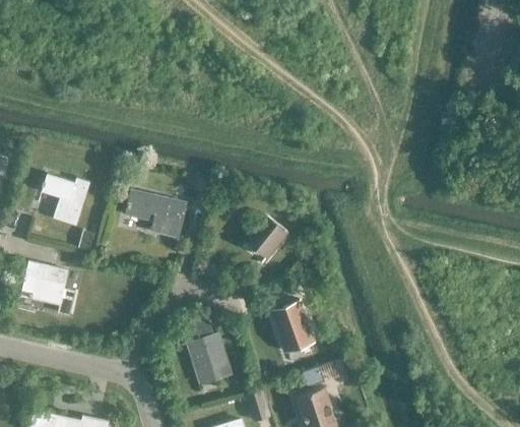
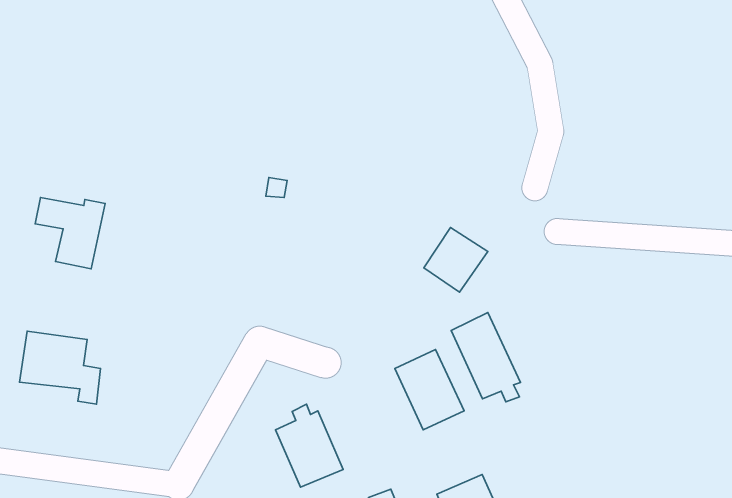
building: [124,190,187,237] -> none
building: [244,214,287,257] -> [424,227,488,292]
building: none -> [451,313,520,402]

